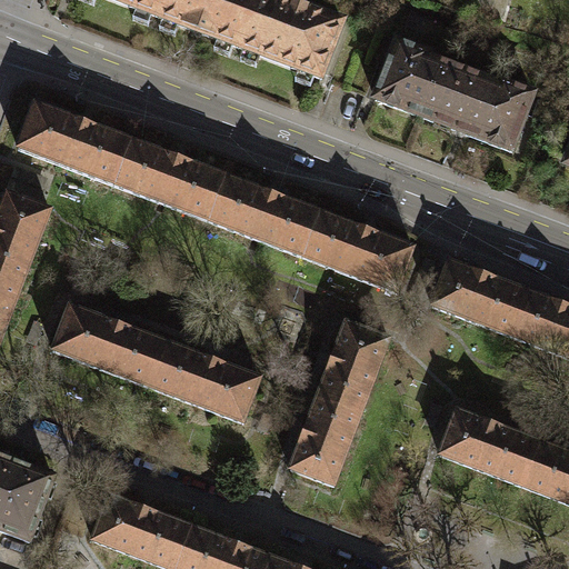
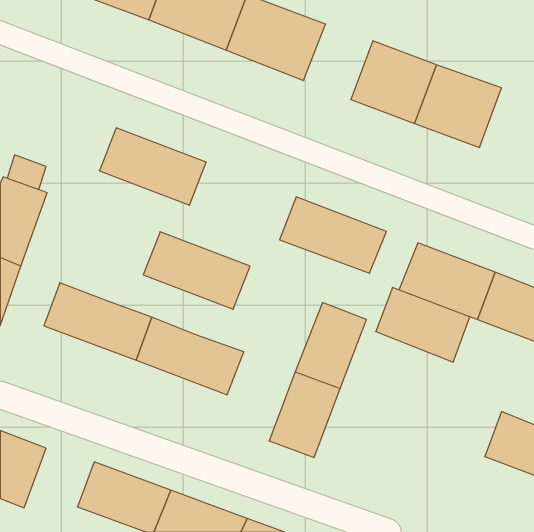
building: [11,99,124,181] -> none
building: [202,172,316,254] -> [143,232,250,309]
building: [433,406,533,485] -> [376,288,470,362]

